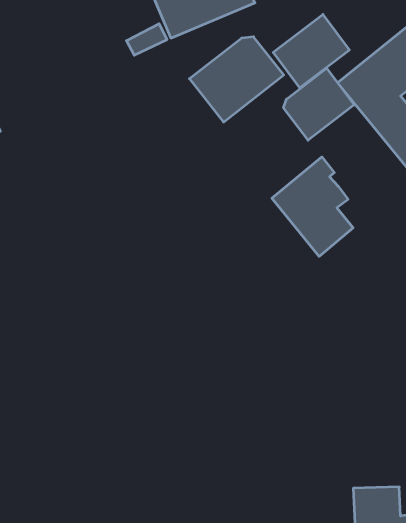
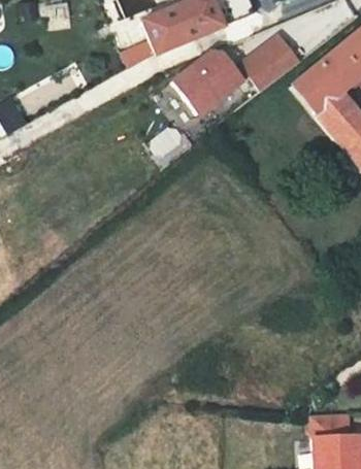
building: [284,68,354,140] -> none
building: [272,157,353,256] -> none

